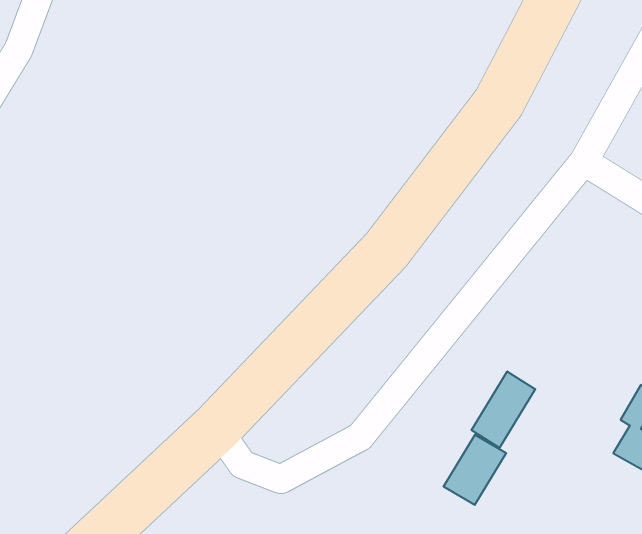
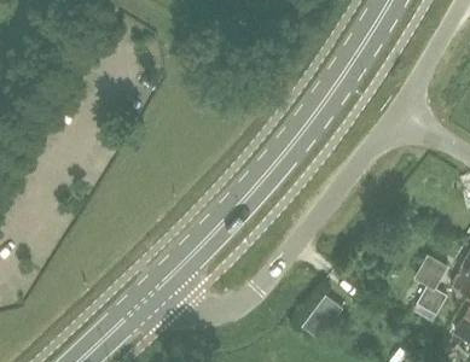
building: [472,371,535,448] -> none

